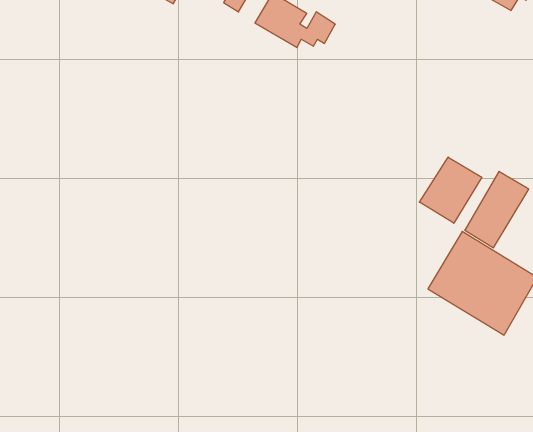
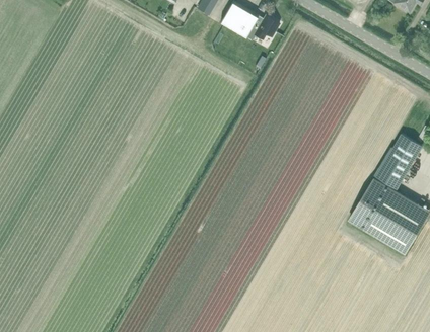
building: [419,157,482,223] -> none

